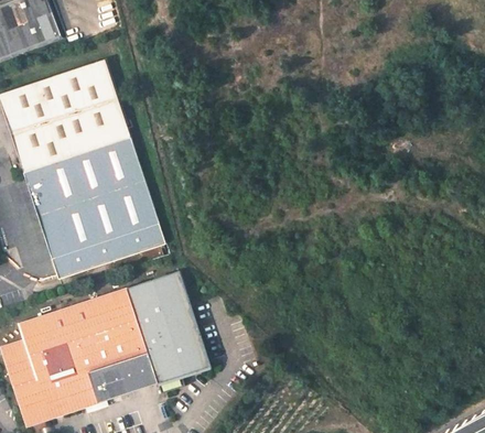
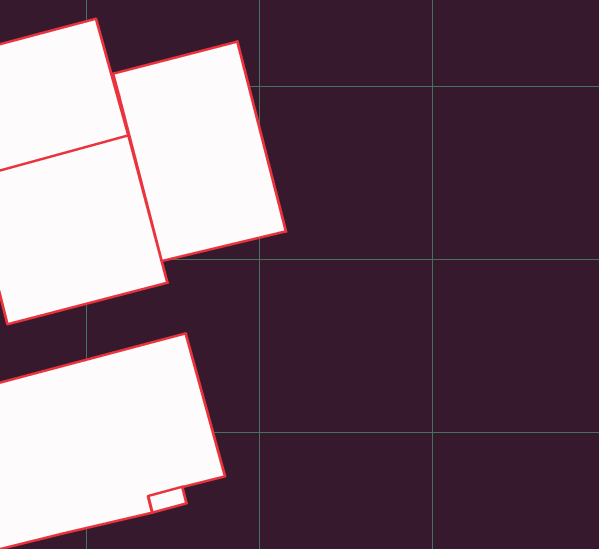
building: none -> [113,41,286,261]

